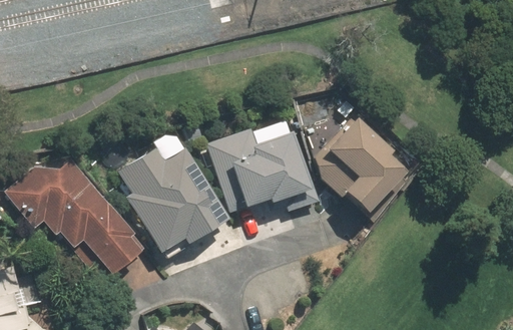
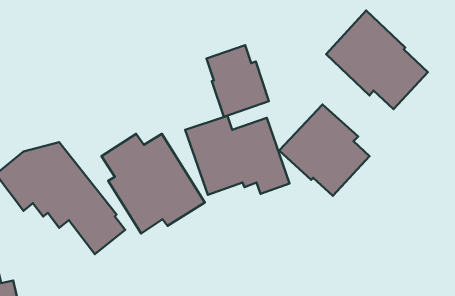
building: none -> [326,10,428,109]
building: none -> [207,45,269,117]

